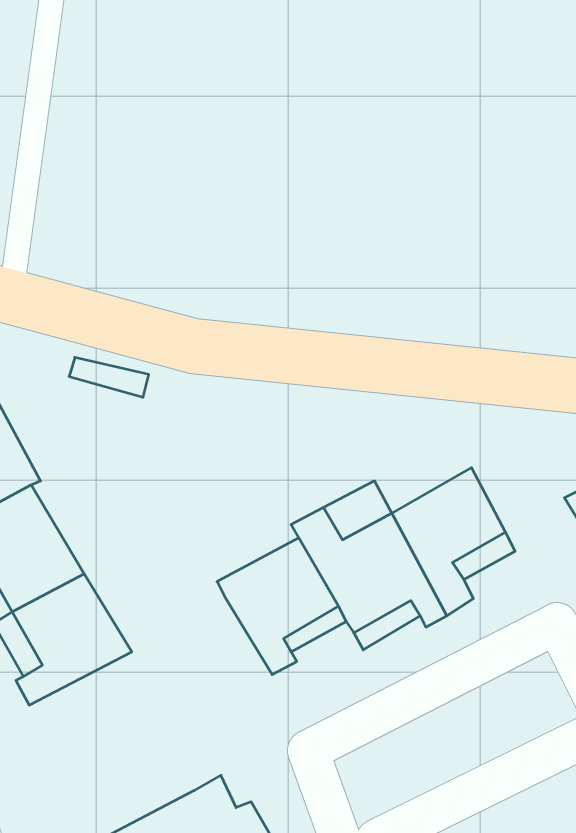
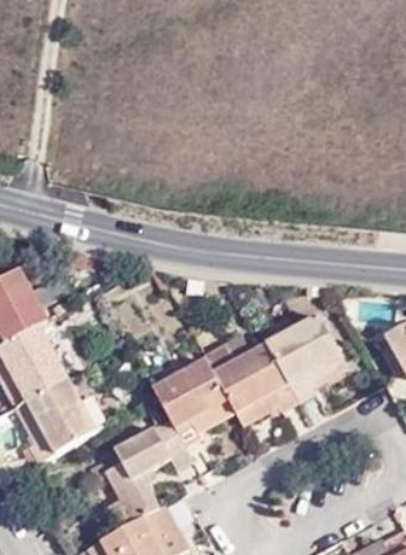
building: none -> [112,416,198,518]

